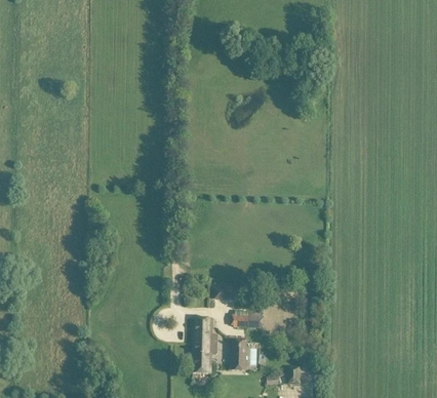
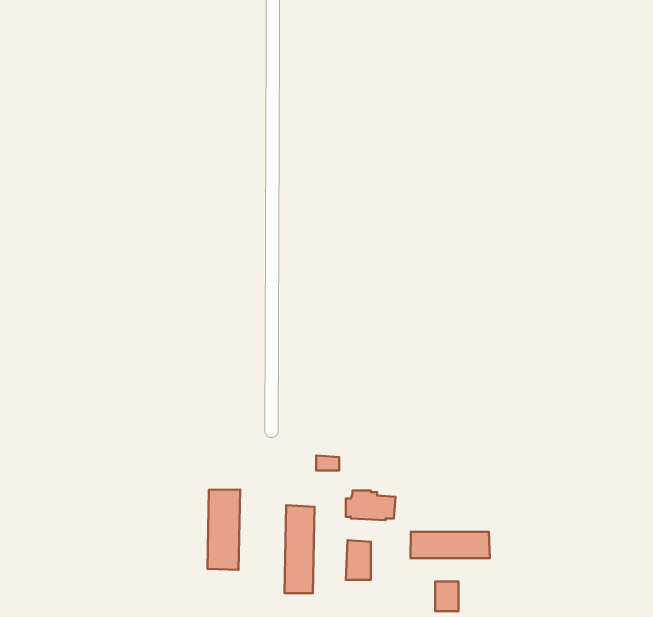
building: none -> [207,489,240,570]
building: none -> [410,532,490,558]

